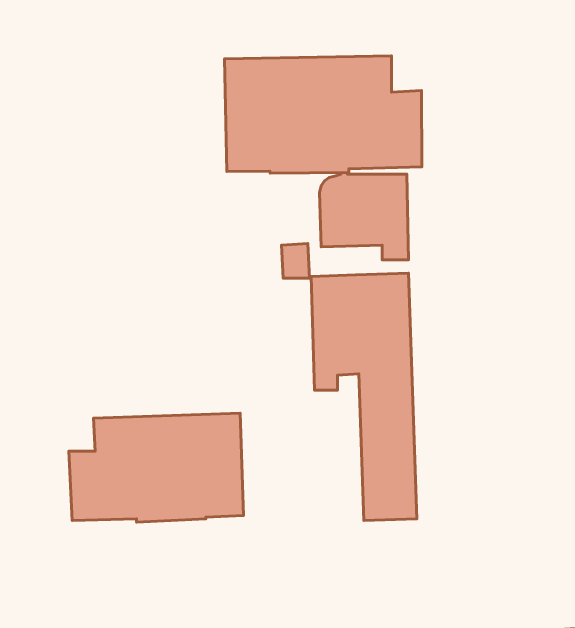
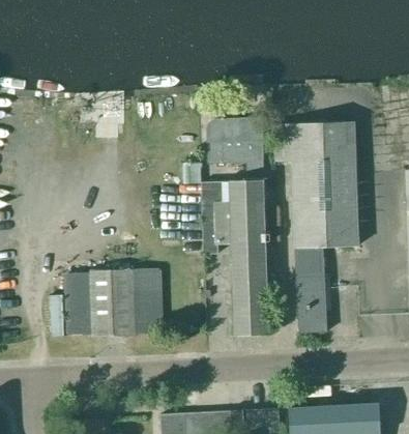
building: [224,56,422,173] -> none
building: none -> [273,121,358,334]

